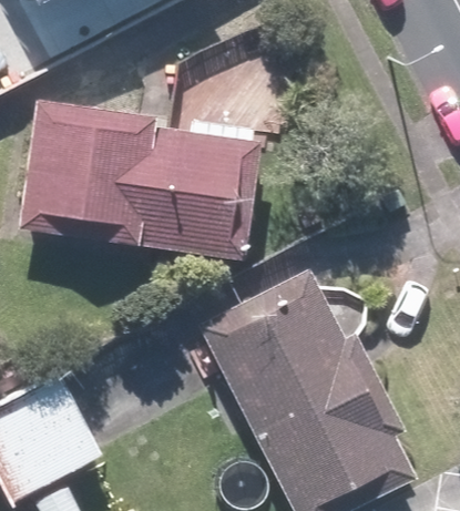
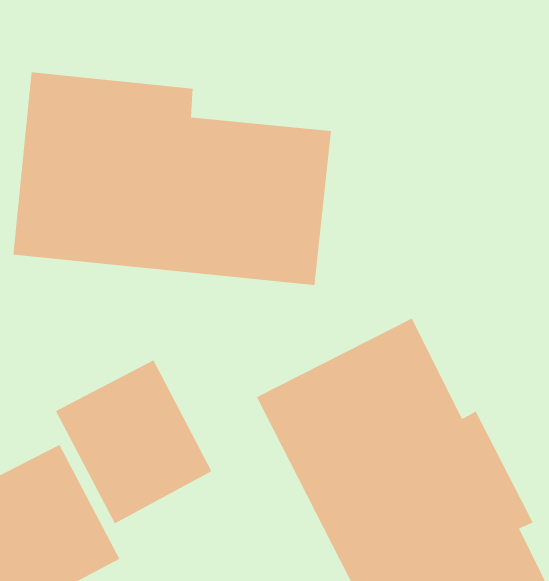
building: none -> [55,359,213,524]

